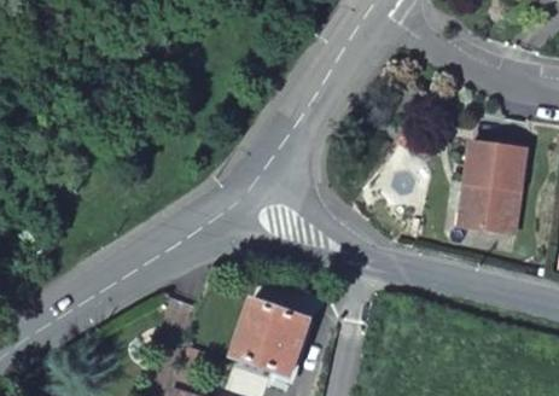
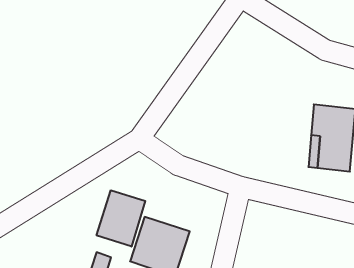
building: none -> [97,190,145,247]

